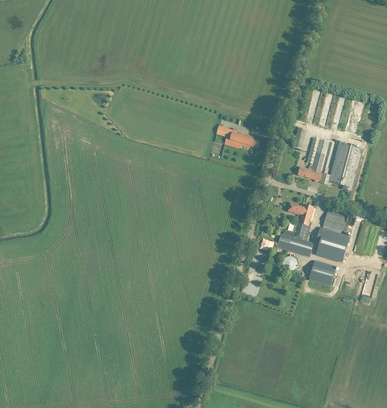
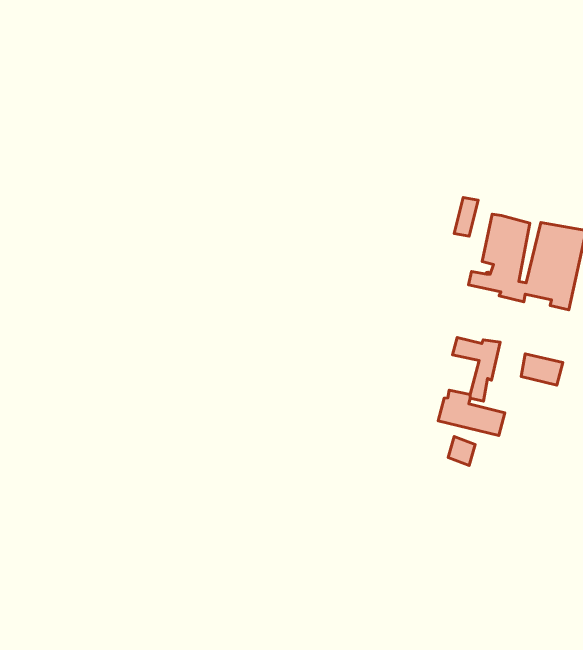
building: [216,124,259,148] -> none
building: [316,230,349,261] -> none
building: [308,260,336,286] -> none

